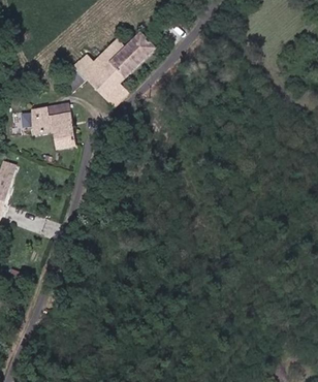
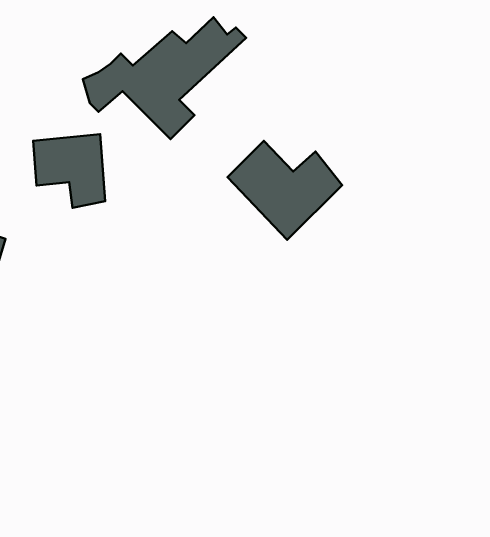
building: none -> [227,141,342,240]

